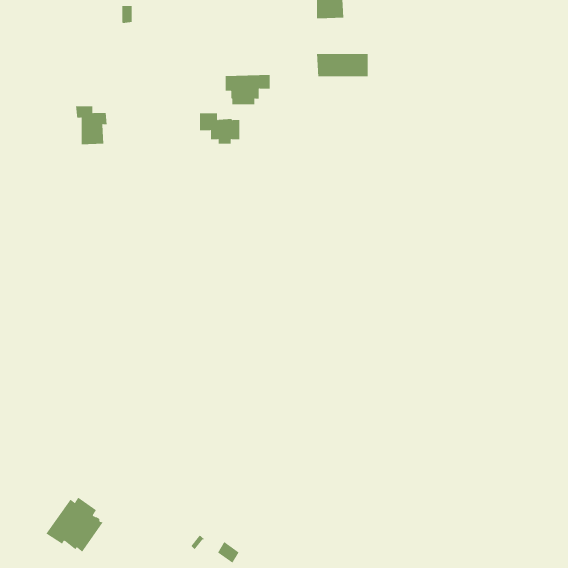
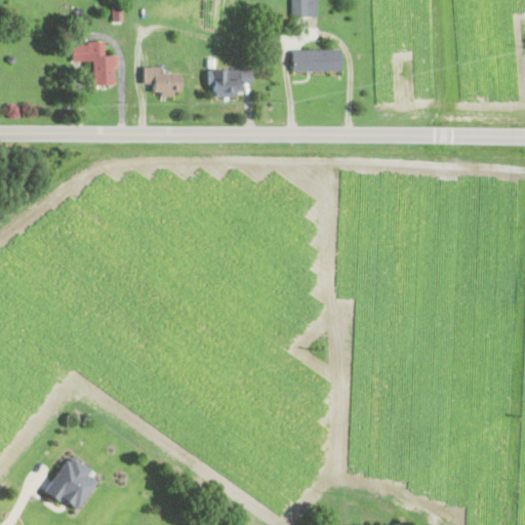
building: [75,106,108,145] -> [88,49,118,85]
building: [199,113,240,144] -> [144,67,181,95]

